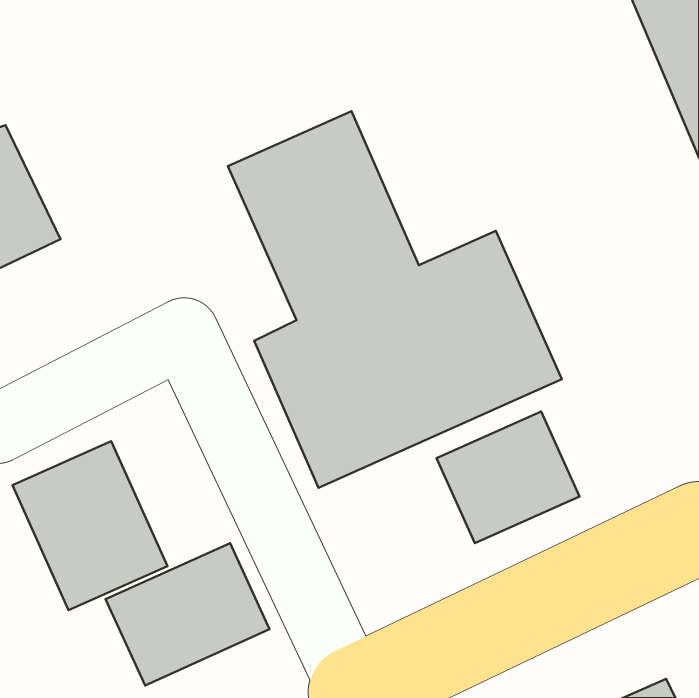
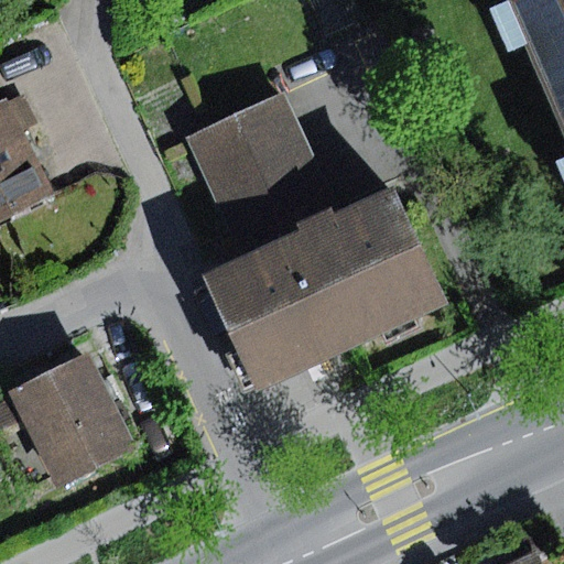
building: [436,412,580,543] -> none
building: [106,543,270,685] -> none

